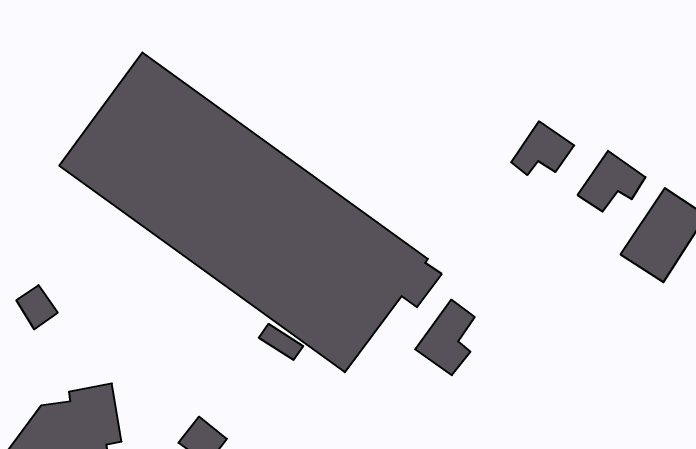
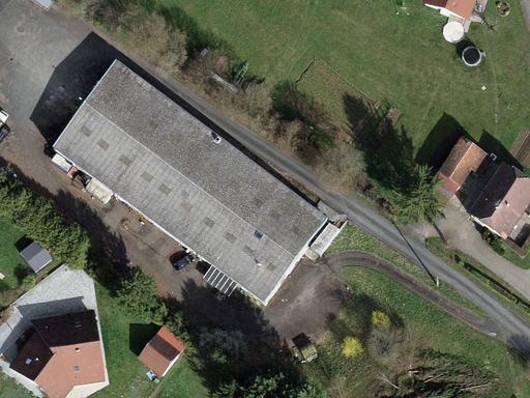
building: [511,121,574,175] -> none
building: [415,300,475,375] -> none

